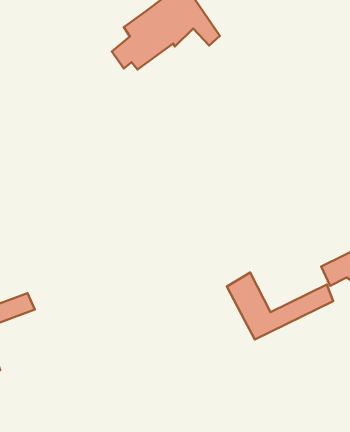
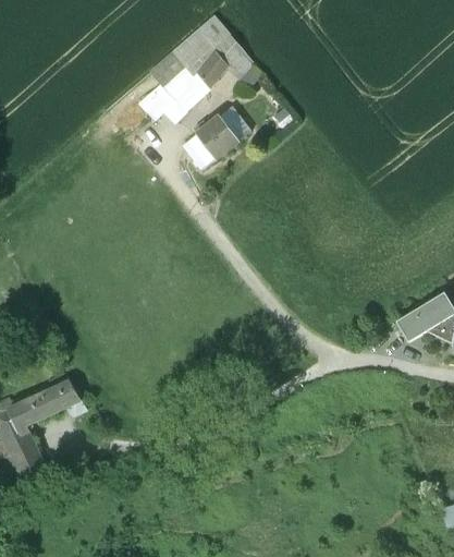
building: none -> [186,108,254,170]
building: [227,273,333,339] -> none

